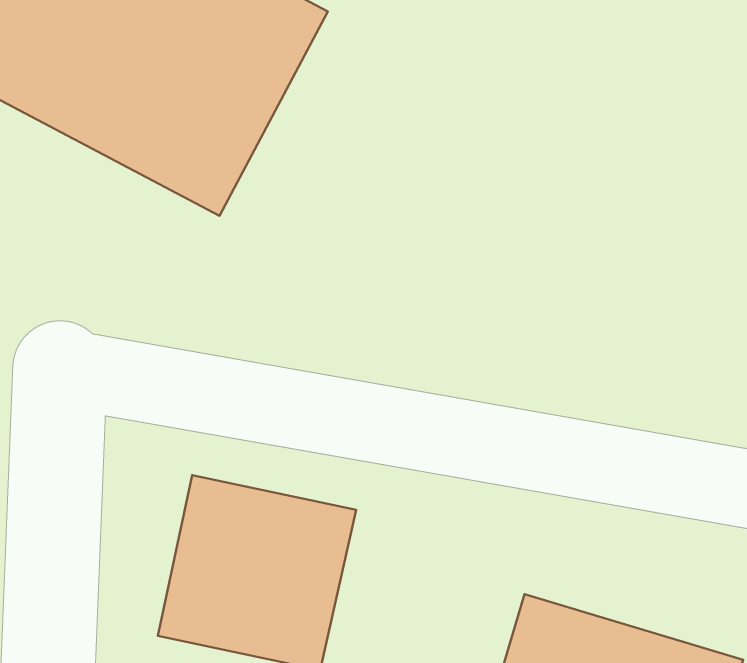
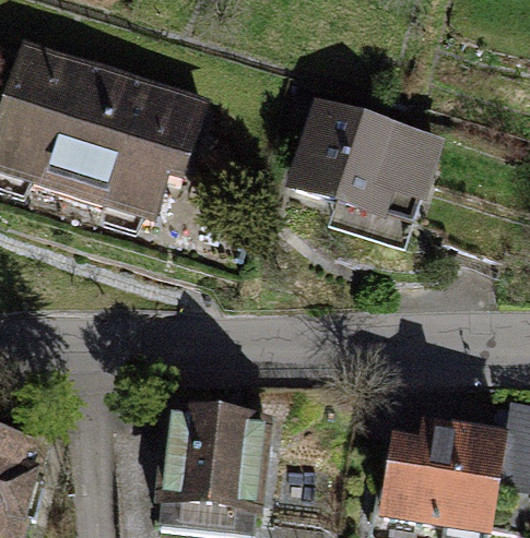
building: none -> [297,105,416,215]

